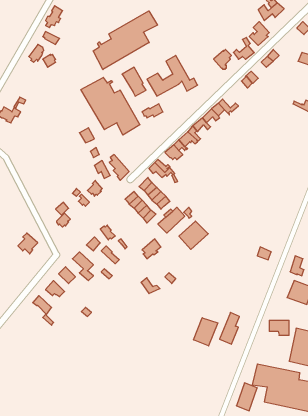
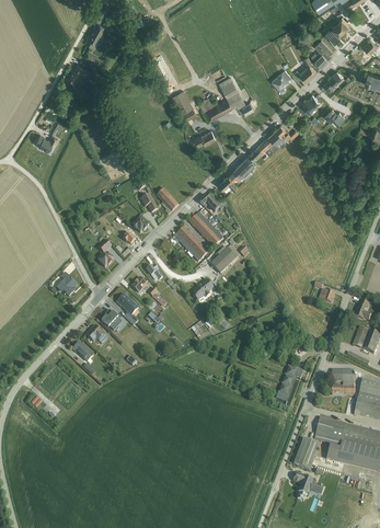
building: [93,11,158,70] -> none
building: [81,77,140,135] -> none
building: [179,221,208,249] -> none
building: [194,318,218,346] -> none

